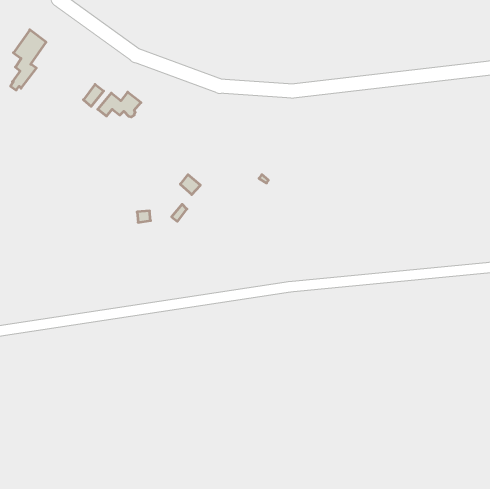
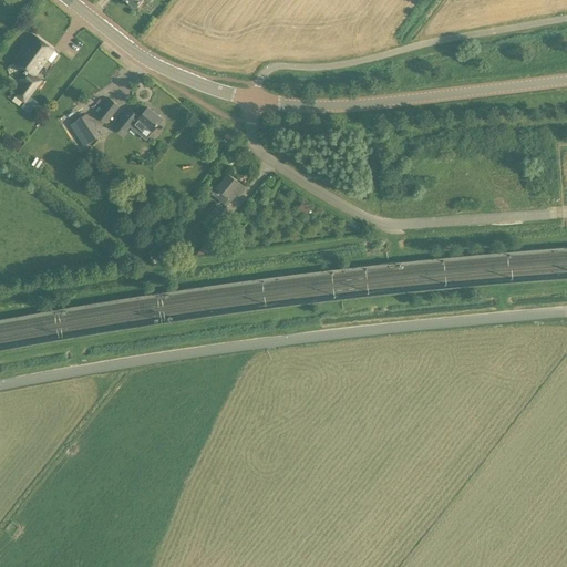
building: none -> [70,113,101,141]
building: none -> [210,173,246,205]

